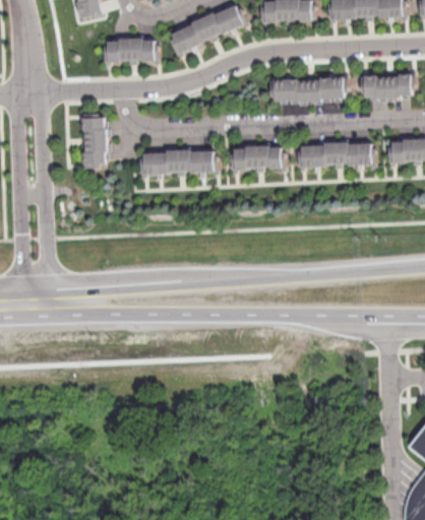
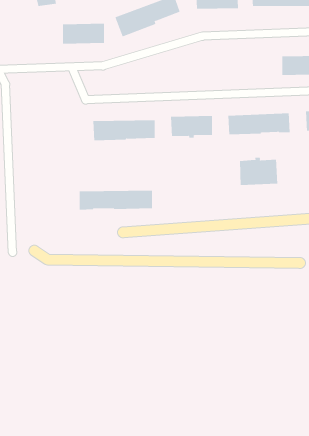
building: [272,77,346,102] -> none
building: [82,115,106,168] -> none
building: none -> [240,157,278,186]
building: none -> [79,190,153,211]

